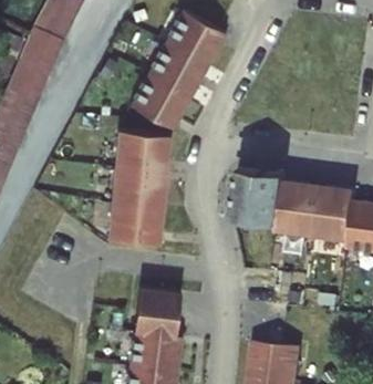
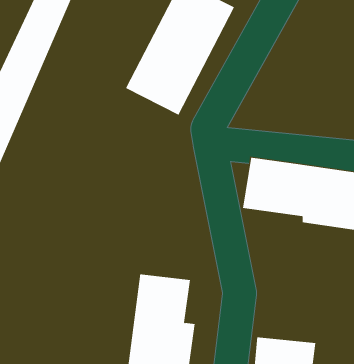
building: [104,131,170,248] -> none

